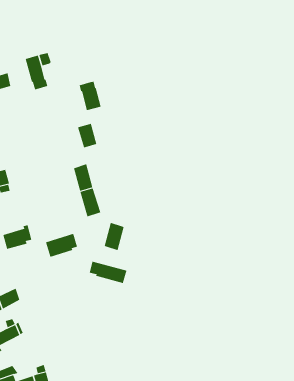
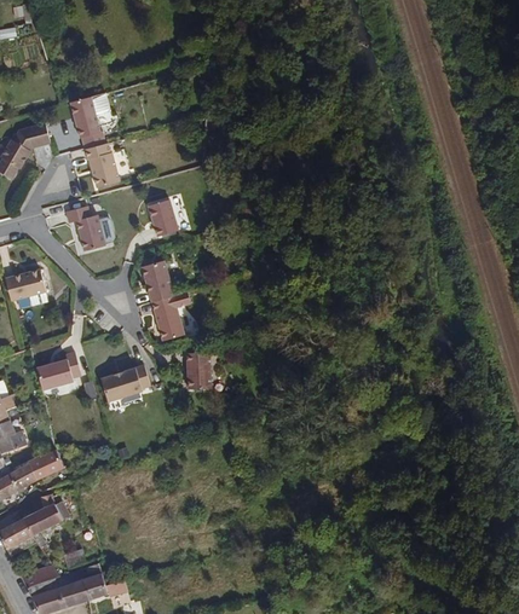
building: [79,81,101,111] -> [85,144,119,189]
building: none -> [67,205,106,253]
building: [89,261,127,284] -> none

